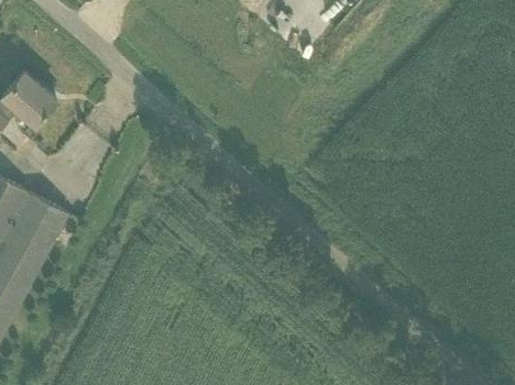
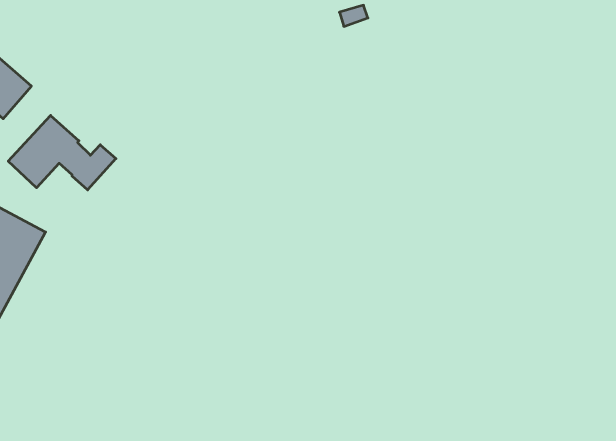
building: none -> [8,115,116,190]

